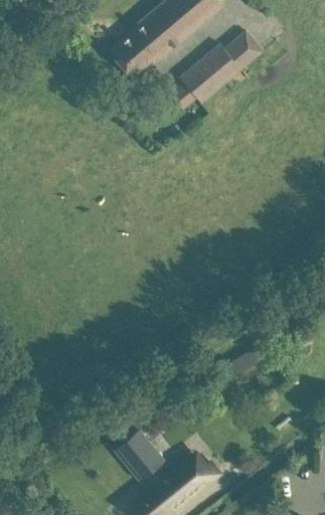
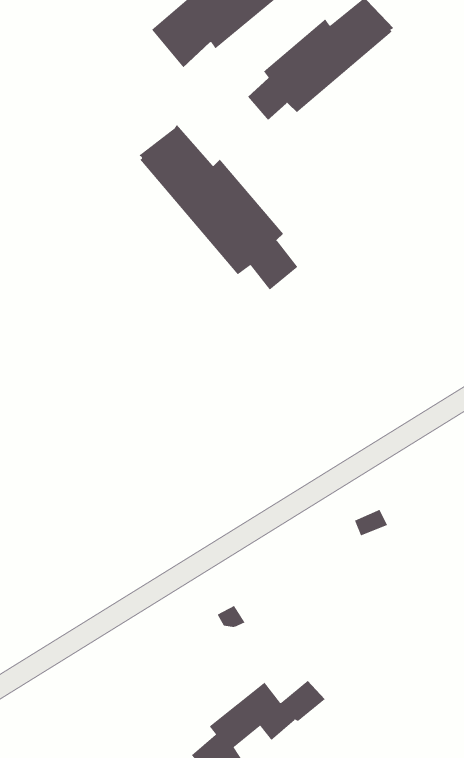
building: none -> [138,124,298,291]
building: [114,428,165,480] -> none

